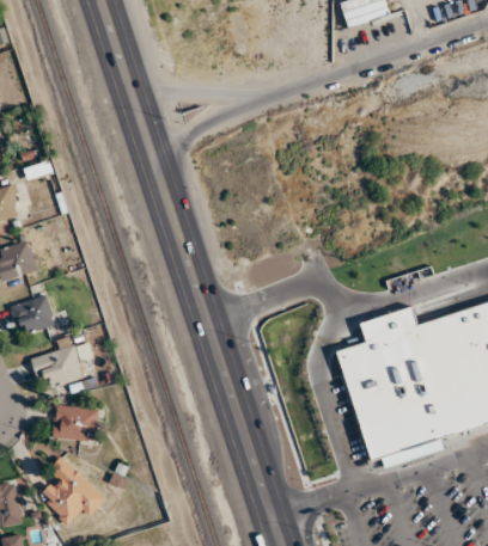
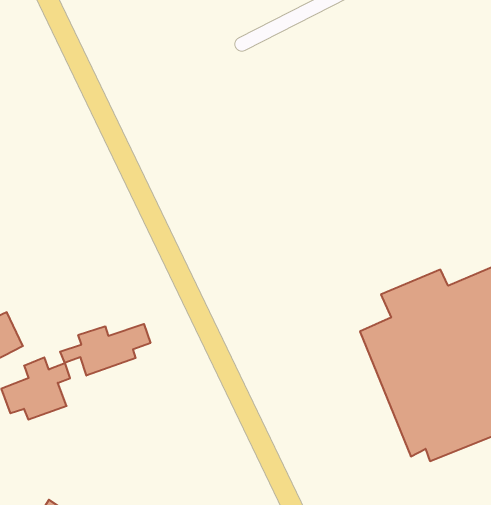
building: none -> [60,324,150,376]
building: [54,406,97,441] -> none

